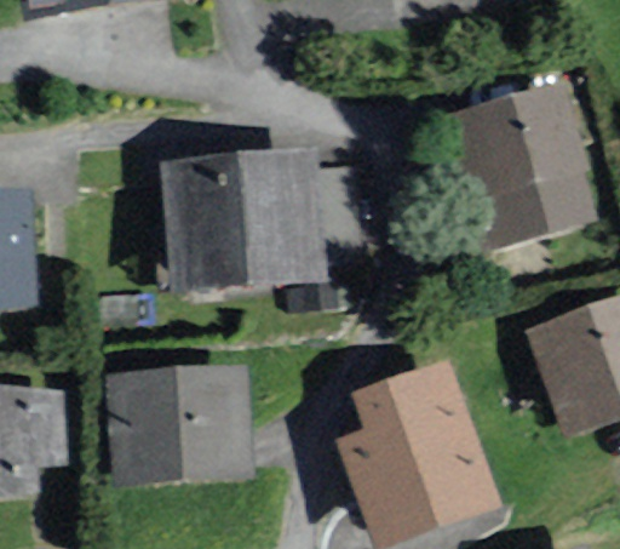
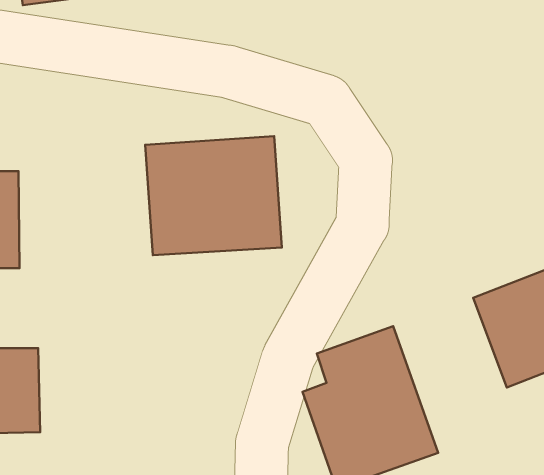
building: [458,90,586,235] -> none
building: [113,370,241,476] -> none

